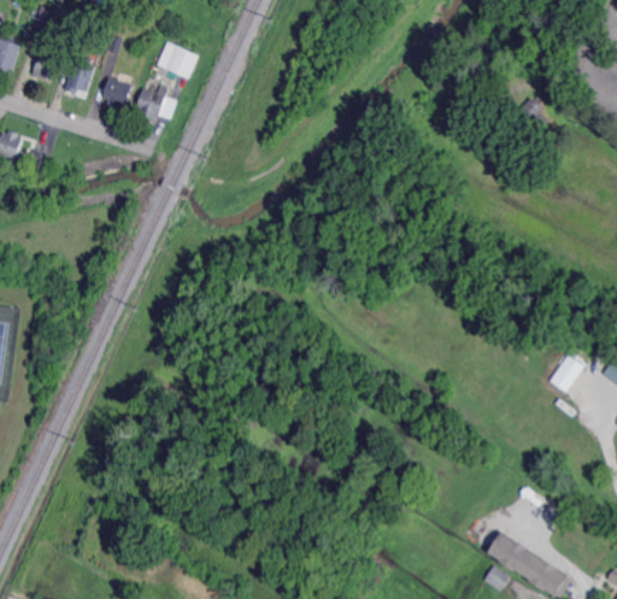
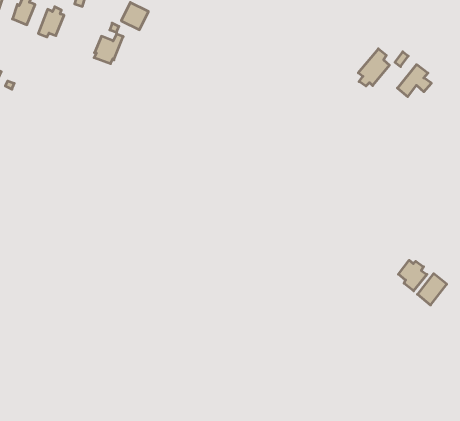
building: [101,76,131,111] -> none
building: none -> [358,49,389,86]
building: none -> [398,260,427,291]

